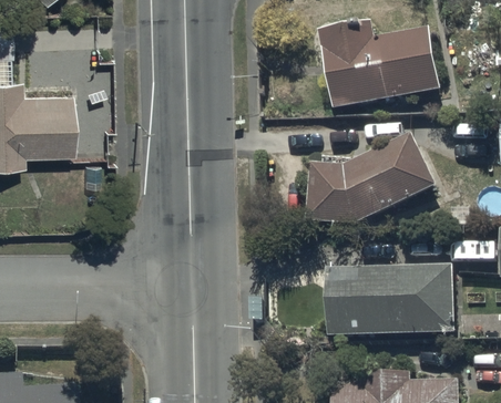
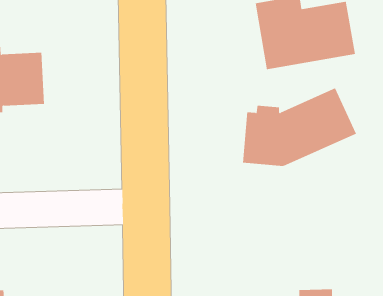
building: [325,261,452,333] -> none

